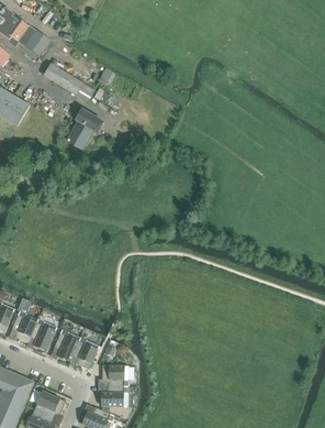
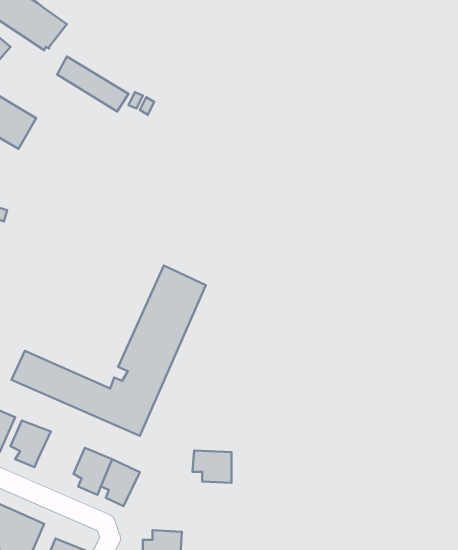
building: [66,109,103,149] -> none
building: none -> [12,266,206,436]
building: [30,318,56,350] -> none
building: [101,364,127,386] -> [193,451,231,483]

